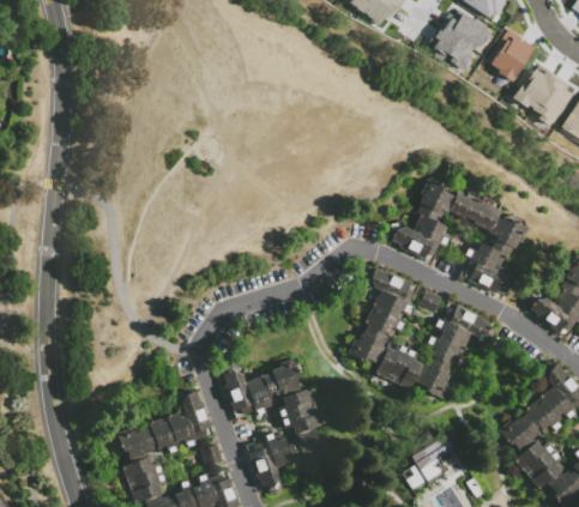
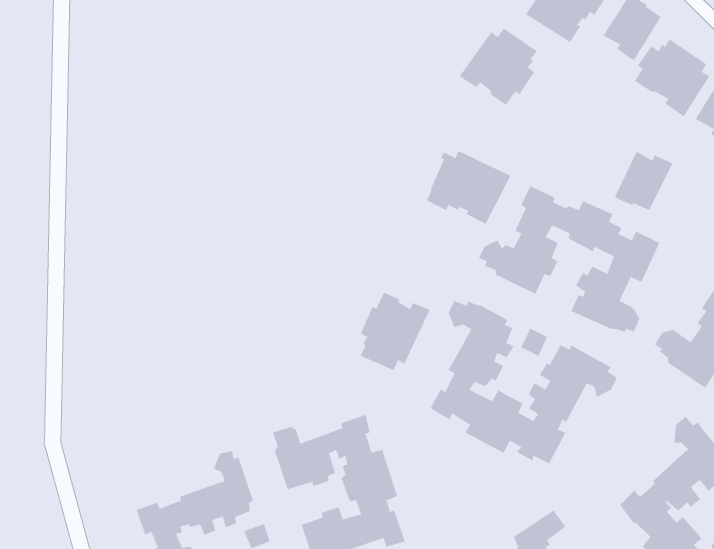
building: none -> [459,28,538,106]
building: none -> [426,150,511,224]
building: none -> [614,151,673,211]
building: none -> [360,292,430,371]

